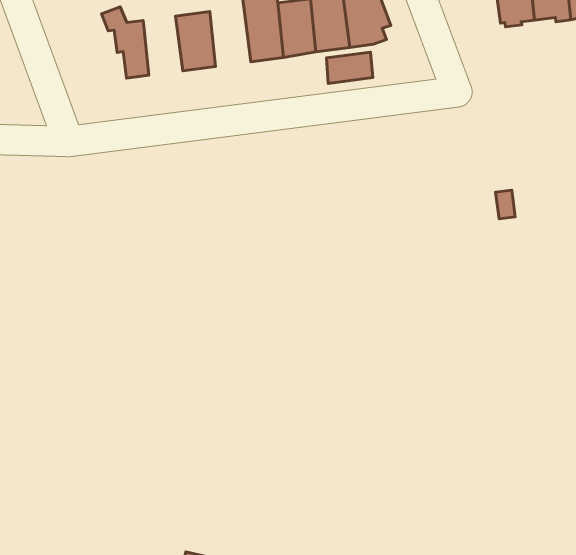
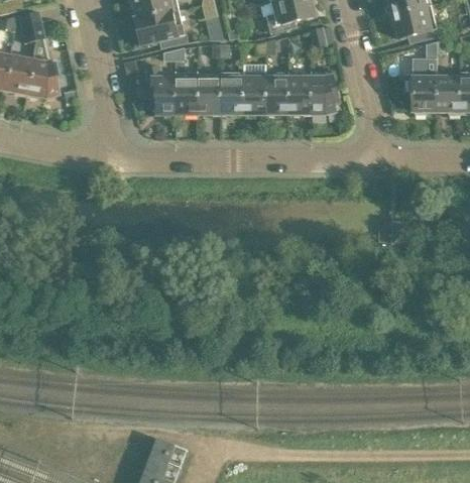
building: none -> [217,76,241,113]
building: none -> [171,76,195,113]
building: [327,52,373,83] -> none

